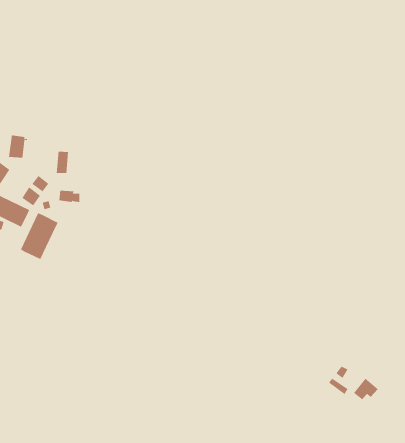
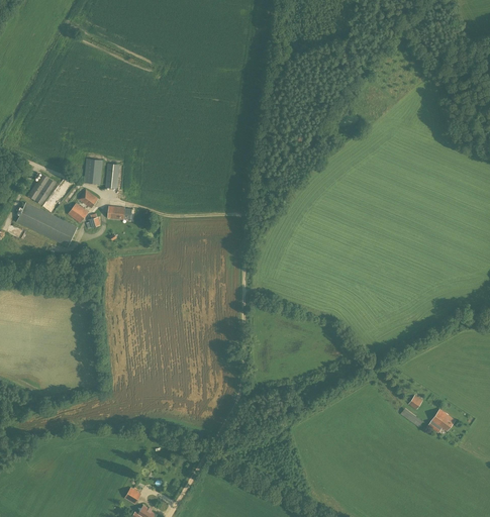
building: [8,135,28,158] -> [84,159,105,184]
building: [20,213,58,260] -> none

